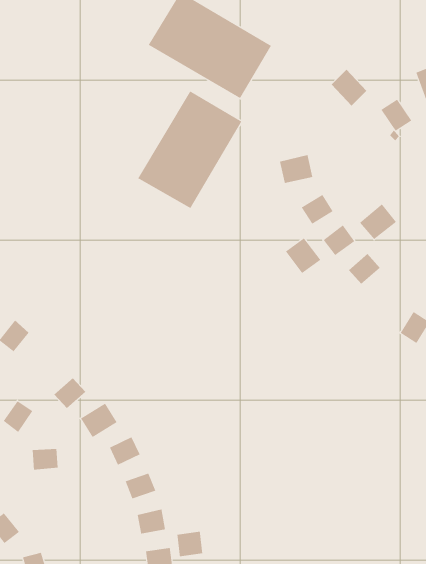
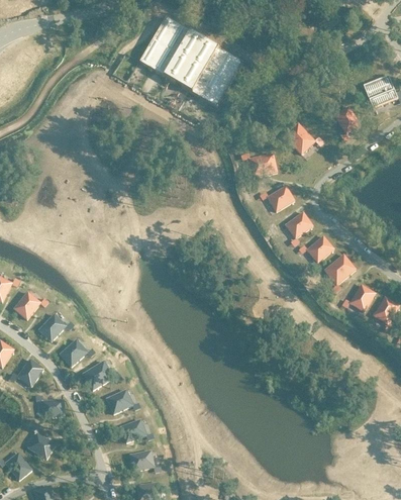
building: [331,69,367,106] -> [285,122,315,154]
building: [138,91,242,209] -> none
building: [359,204,397,240] -> [325,254,357,284]
building: [285,238,321,274] -> none
building: none -> [39,313,67,340]
building: none -> [28,432,56,459]
building: [177,531,203,557] -> none

